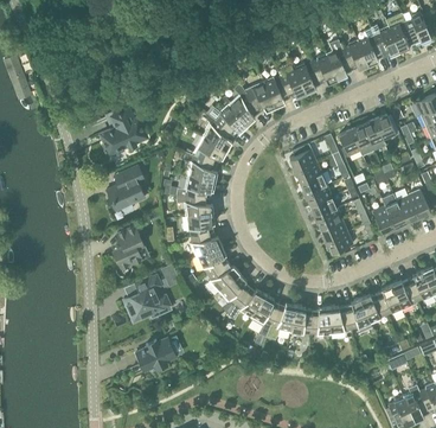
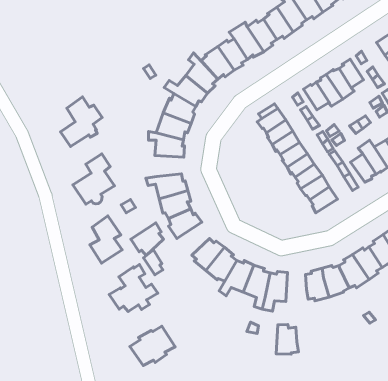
building: [175,175,214,197] -> none
building: [195,245,226,275] -> [131,223,164,256]
building: [289,306,312,336] -> [276,325,298,354]

